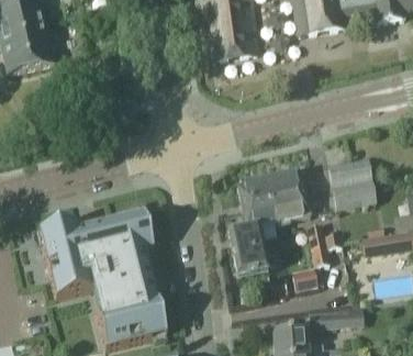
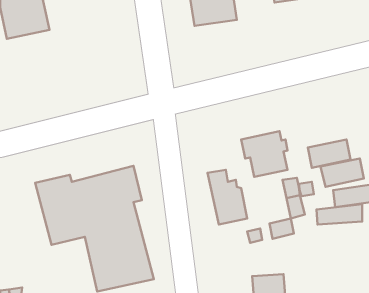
building: [330,158,377,189] -> [320,158,364,187]
building: [239,180,278,233] -> none
building: [314,304,364,326] -> [316,204,362,225]

